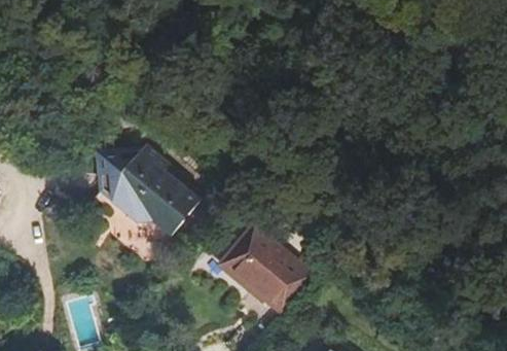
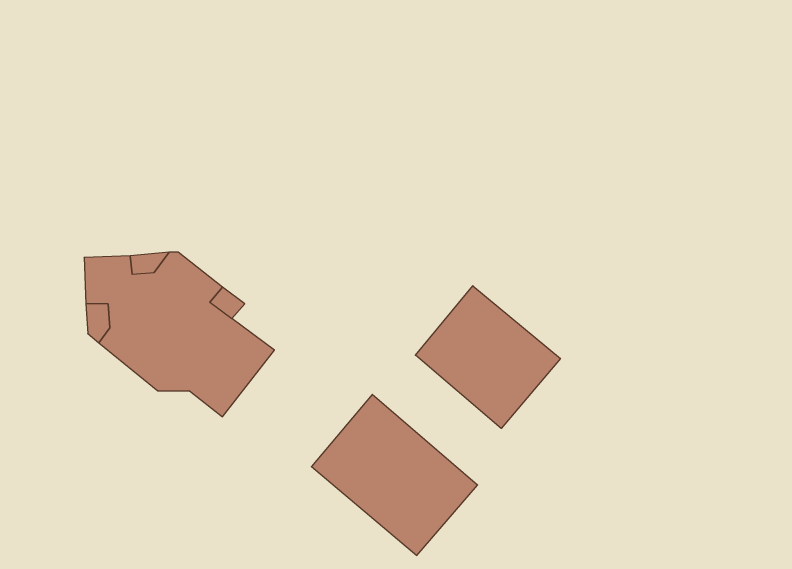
building: none -> [415,286,560,428]

